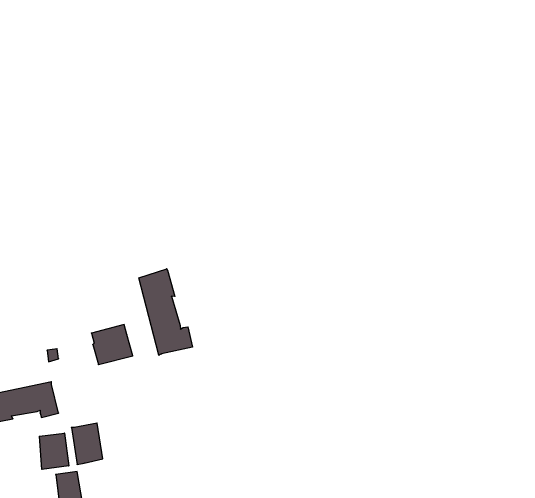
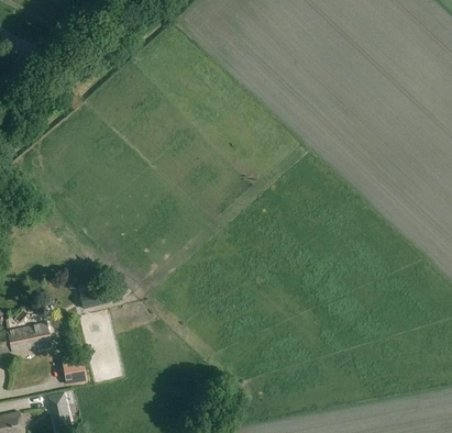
building: [139,269,192,355] -> none
building: [39,433,69,469] -> none

